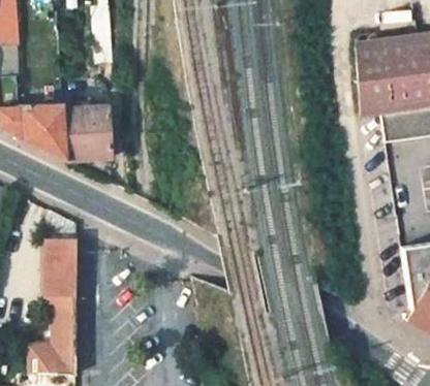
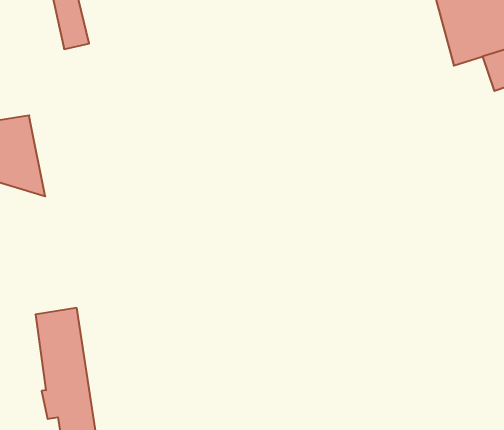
building: [65,106,110,164] -> none

